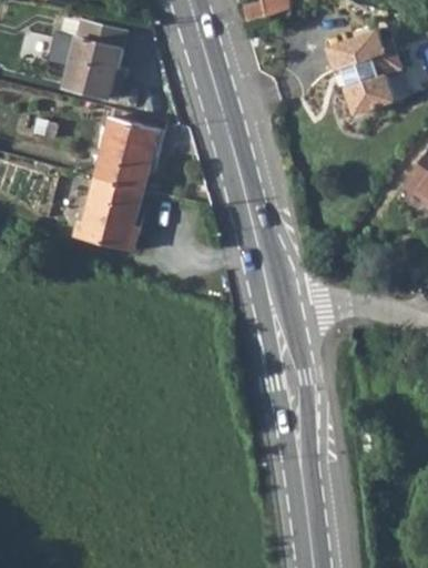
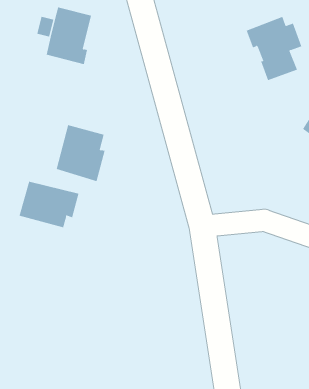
building: [92,118,162,190] -> none
building: none -> [19,181,79,228]

